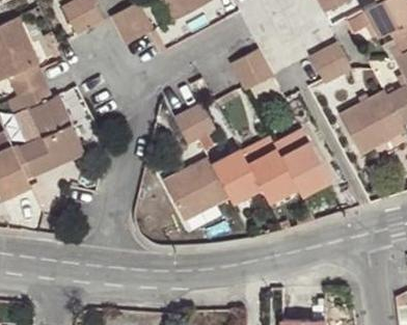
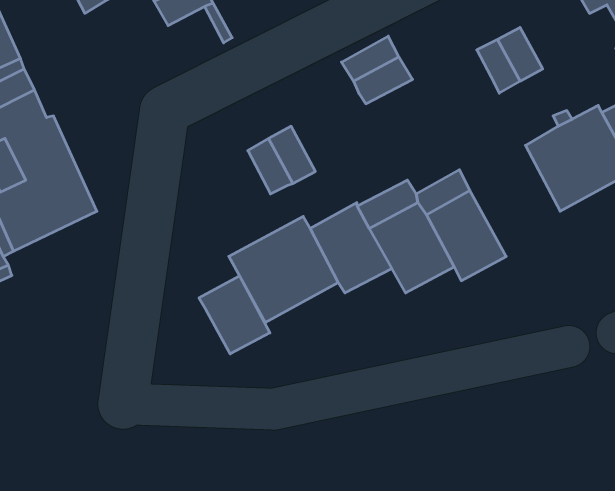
building: none -> [199,276,270,354]

